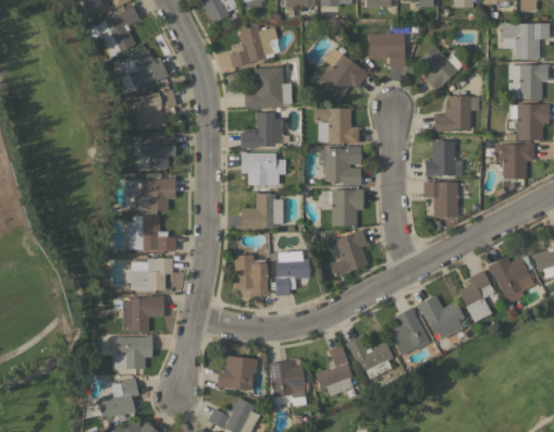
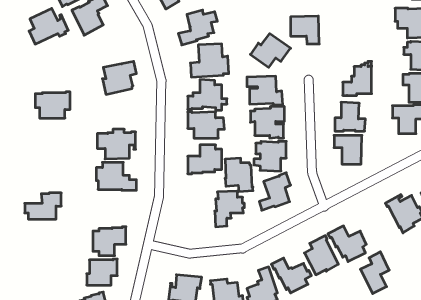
building: [417,45,464,91] -> none
building: [120,49,169,94] -> [29,8,68,44]
building: [132,135,175,168] -> [35,92,70,118]
building: [234,255,269,296] -> [225,158,253,191]
building: [126,258,172,291] -> [25,193,61,219]
building: [458,270,494,322] -> [360,252,389,294]

